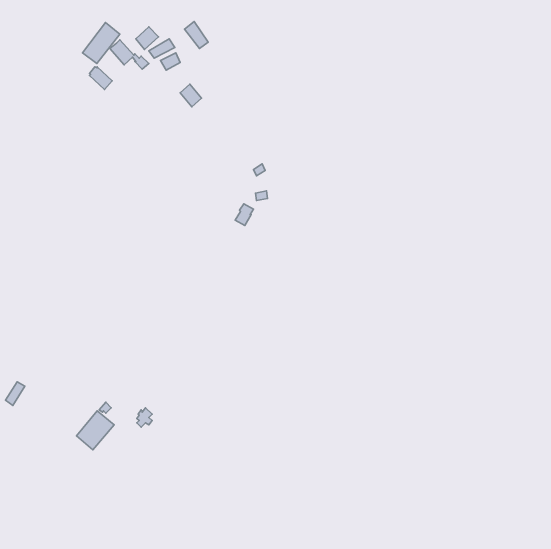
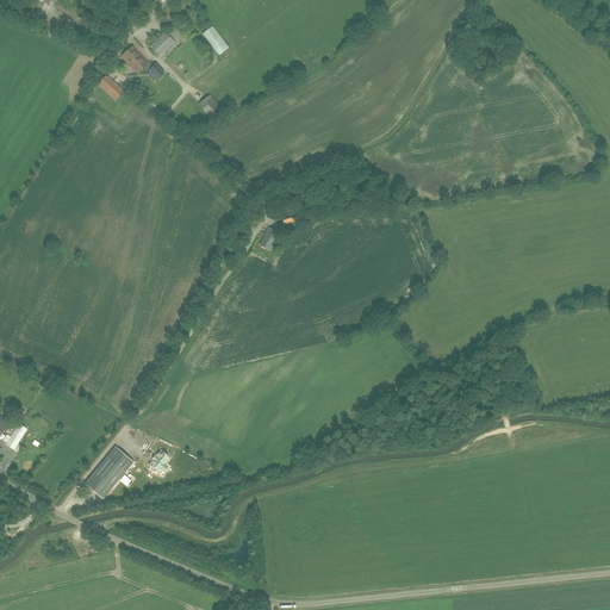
building: [83,22,120,64] -> none

